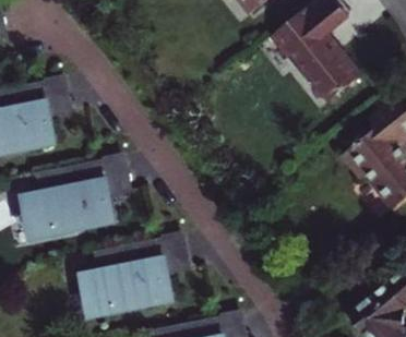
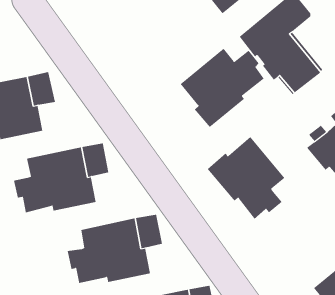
building: none -> [180,48,264,128]
building: none -> [207,136,285,220]

